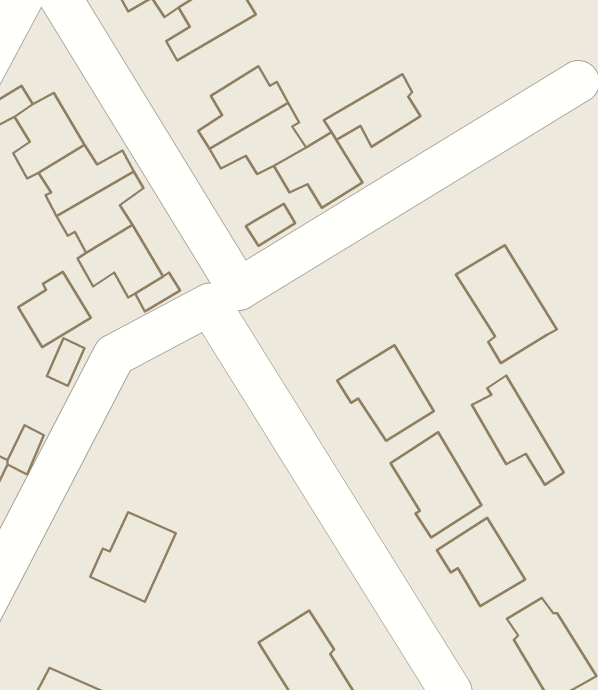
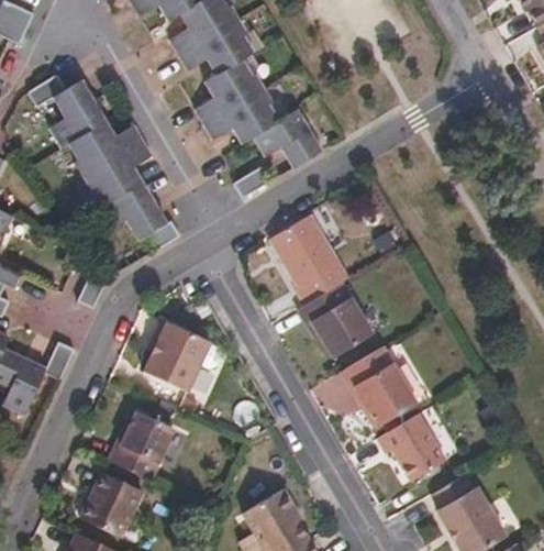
building: [324,74,421,147] -> [177,19,253,76]
building: [456,245,557,363] -> [276,208,355,300]
building: [18,272,91,347] -> none
building: [472,376,564,485] -> none
building: none -> [145,319,214,393]
building: none -> [79,475,142,540]

